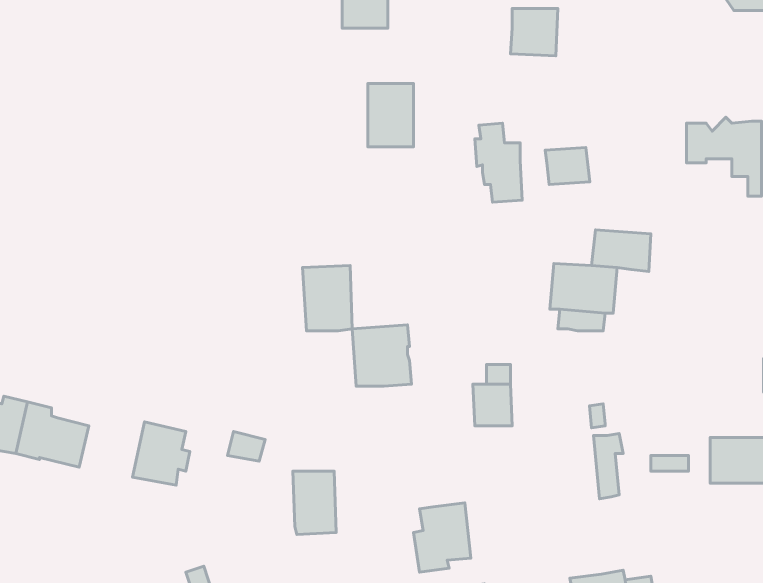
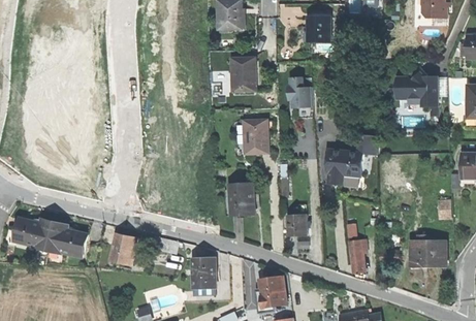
building: [545,148,590,185] -> none
building: [303,266,352,331] -> [244,118,269,152]

